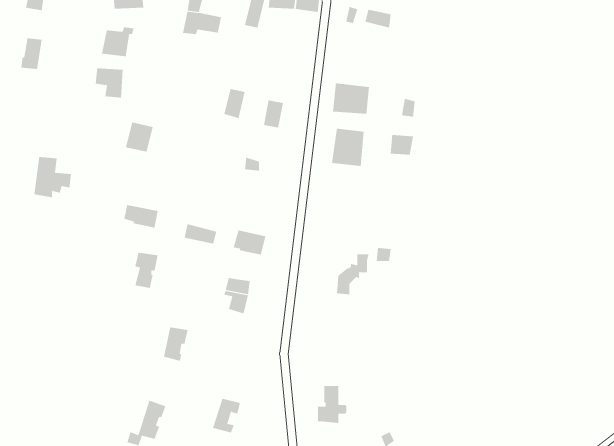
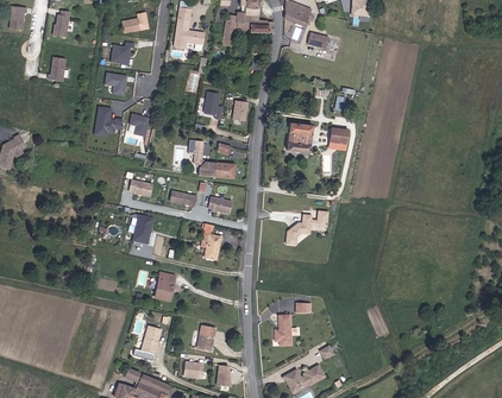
building: [332,83,369,115] -> none
building: [34,157,72,198] -> [95,108,124,139]
building: none -> [195,147,237,182]

